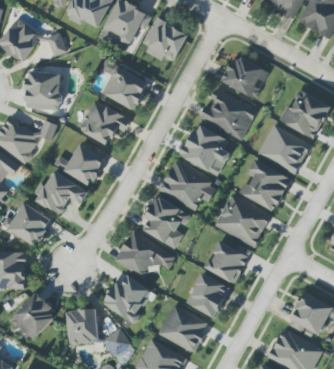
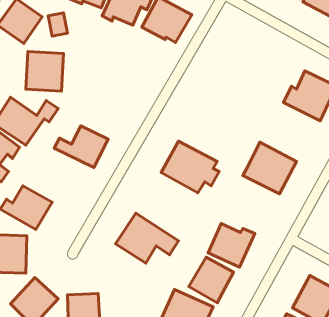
building: [222,56,268,98] -> none
building: [101,60,151,111] -> none
building: [199,90,257,140] -> none
building: [79,100,131,146] -> none
building: [181,123,230,176] -> none
building: [258,124,312,173] -> none
building: [32,171,89,214] -> none
building: [214,194,272,247] -> none
building: [140,196,189,249] -> none
building: [102,275,152,325] -> none

